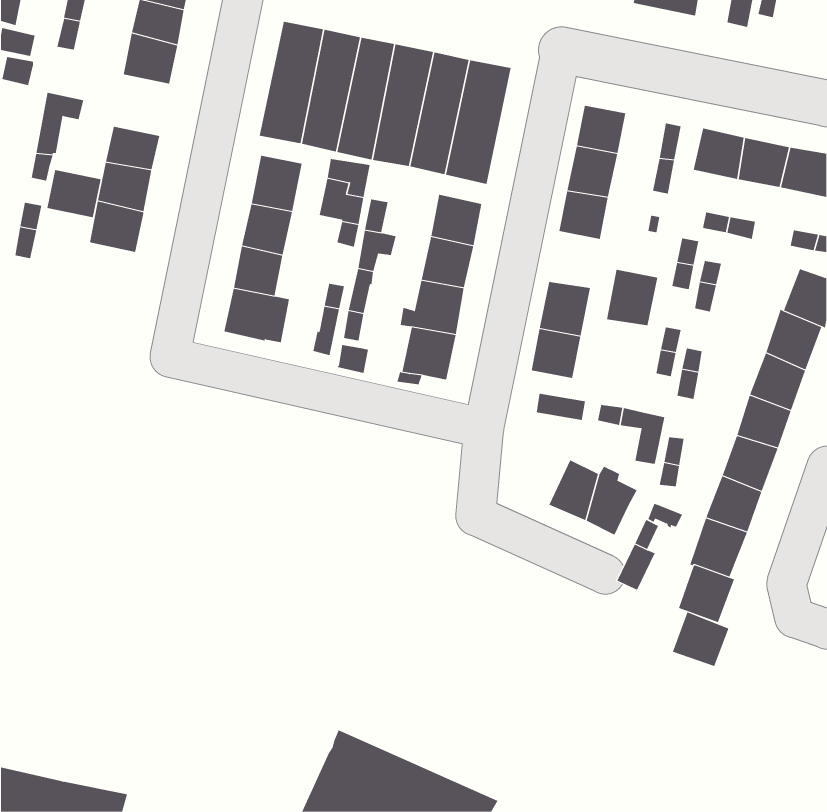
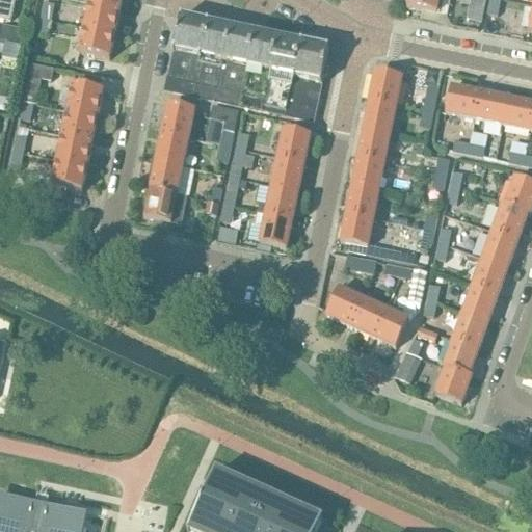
building: [47,169,102,218] -> [52,156,87,187]
building: [606,269,658,326] -> [352,149,385,185]
building: none -> [325,284,366,324]
building: [672,611,729,667] -> none

